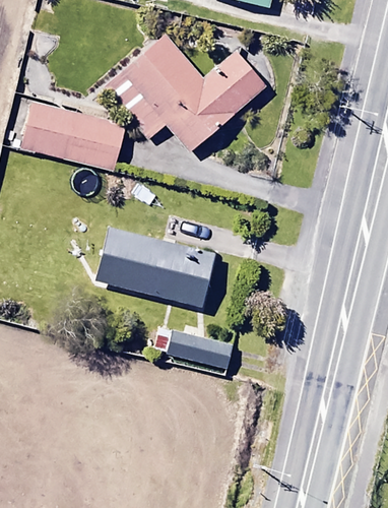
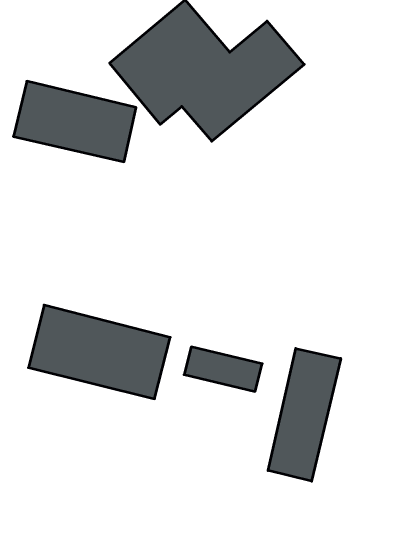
building: [95,225,215,304] -> [28,305,170,399]
building: none -> [268,348,341,481]

